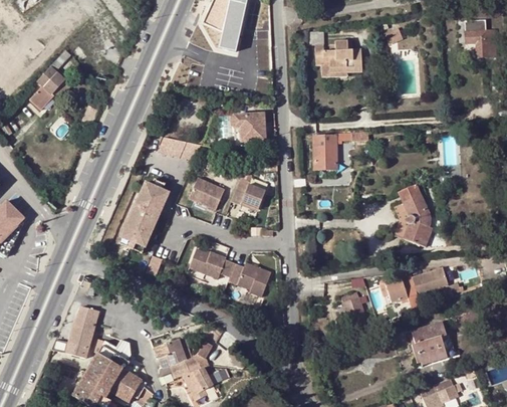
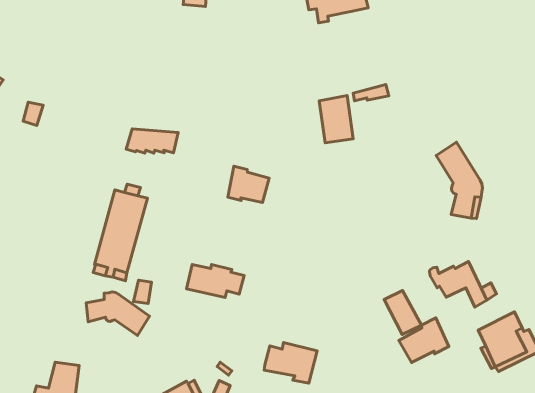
building: [230,114,264,142] -> none
building: [189,177,225,210] -> none
building: none -> [86,292,150,335]
building: [229,261,272,295] -> [264,343,317,383]
building: [411,267,444,295] -> none
building: none -> [399,318,449,362]

